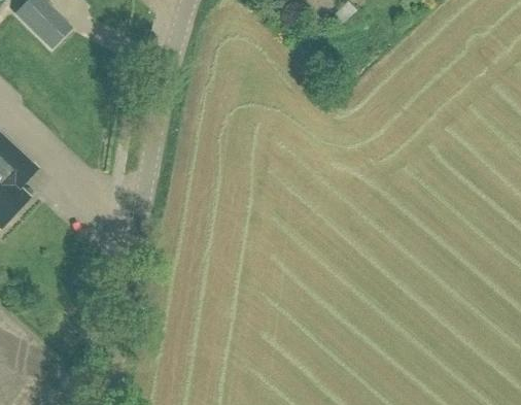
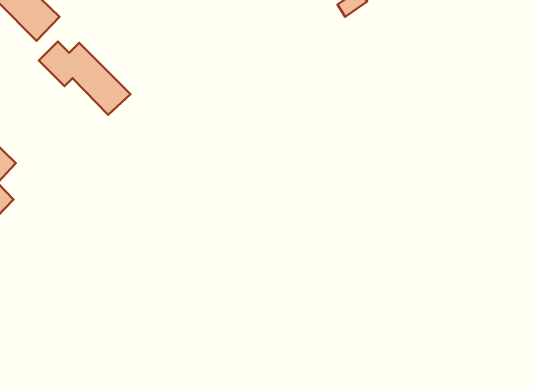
building: none -> [39,41,130,115]

